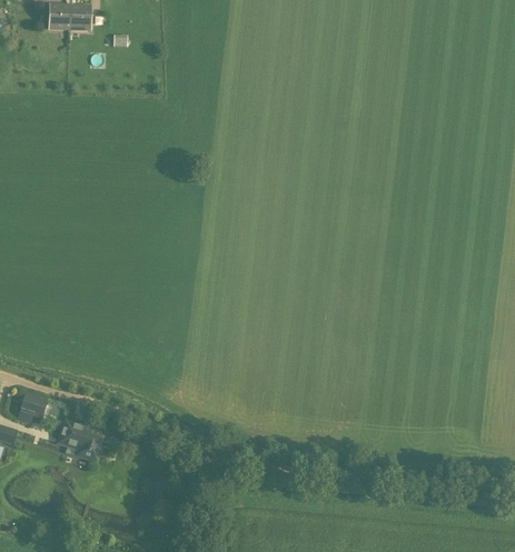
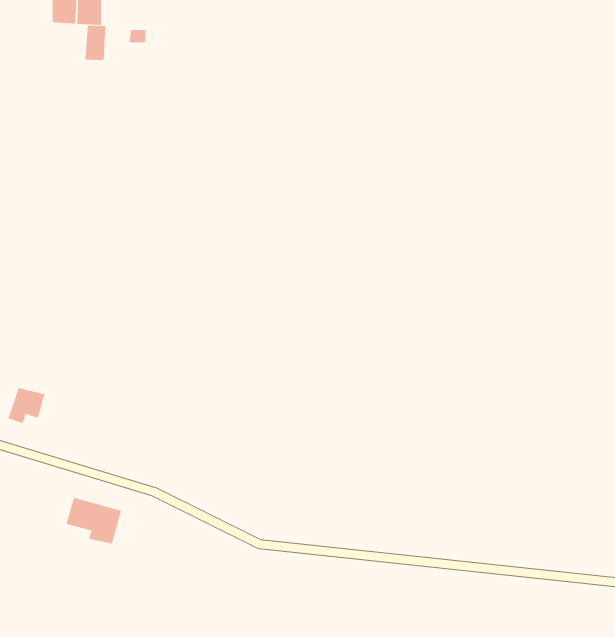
building: none -> [85,25,106,61]
building: [17,393,48,423] -> [7,387,45,424]

